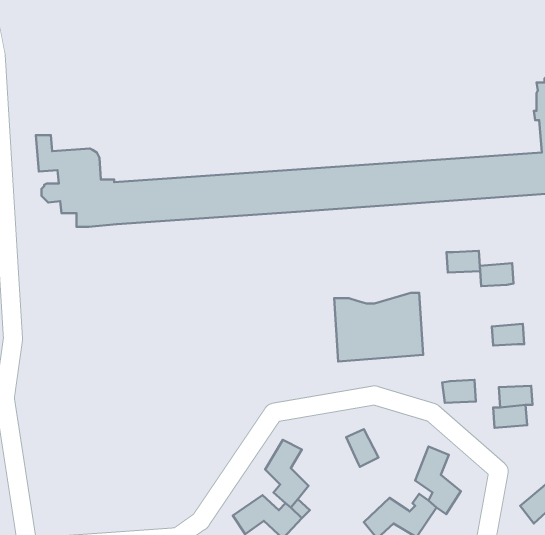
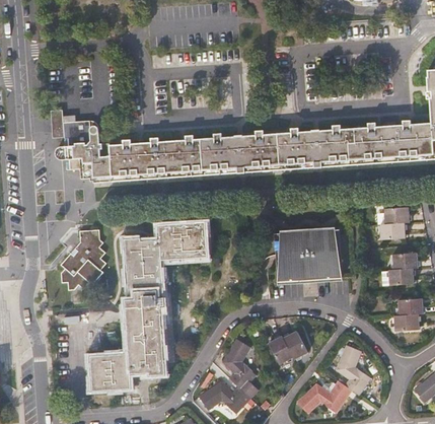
building: [446,251,480,273] -> [380,222,406,238]
building: none -> [91,221,207,388]
building: none -> [61,229,106,289]
building: [442,380,476,403] -> [388,267,414,284]
building: none -> [269,335,293,363]

